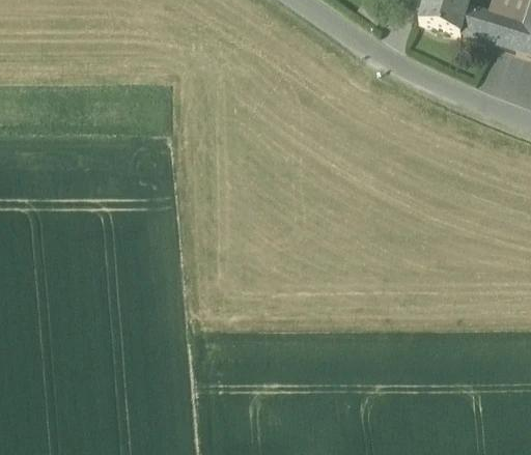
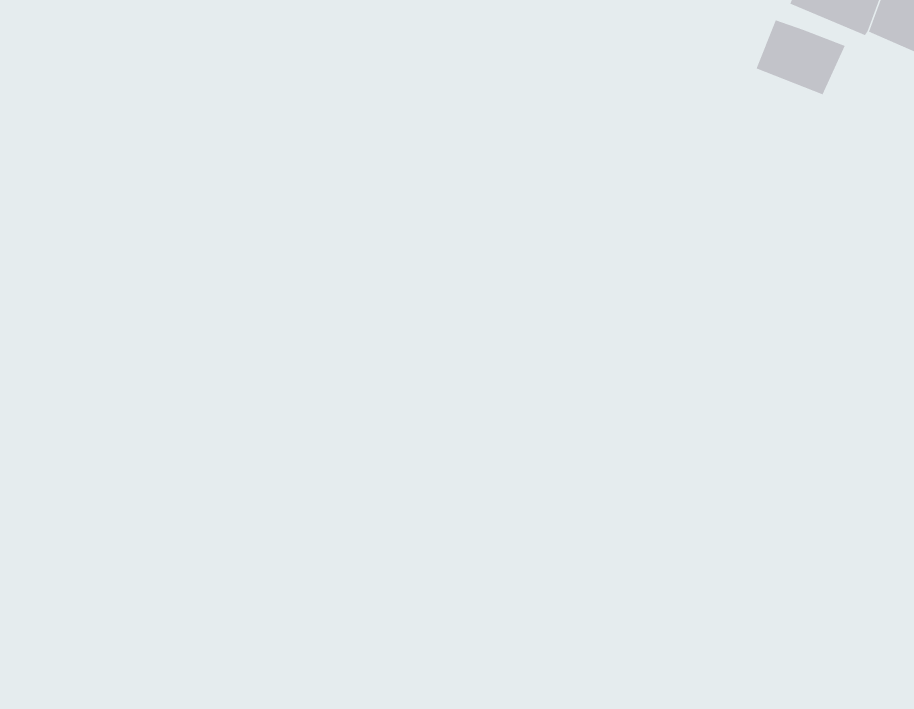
building: none -> [756,20,845,95]

